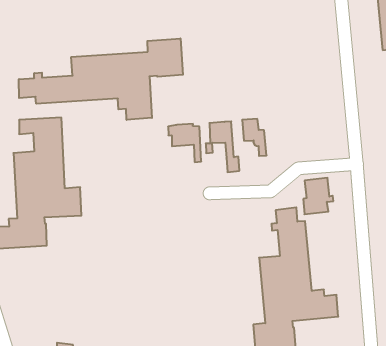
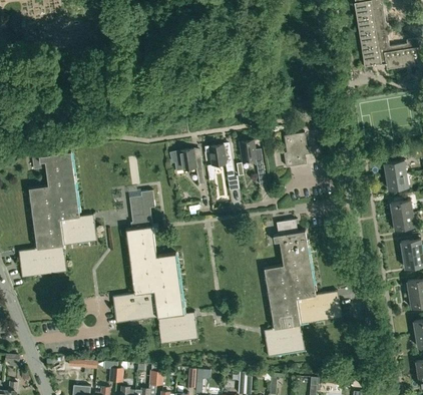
building: [19,38,183,120] -> none
building: none -> [113,190,198,343]
building: [303,178,333,214] -> [284,131,312,166]

